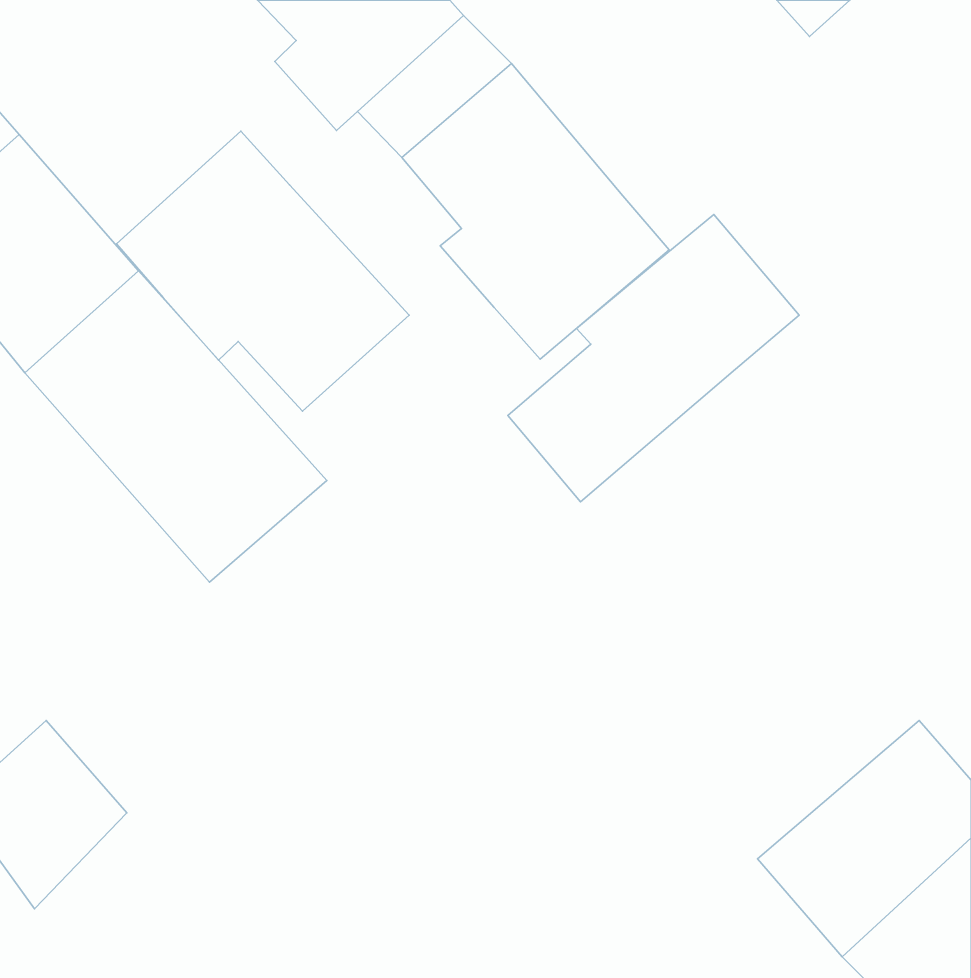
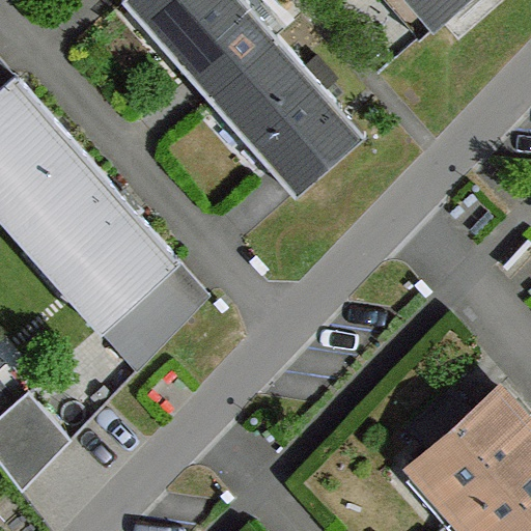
building: [117,131,409,411] -> none
building: [508,215,799,502] -> none
building: none -> [99,261,208,370]

